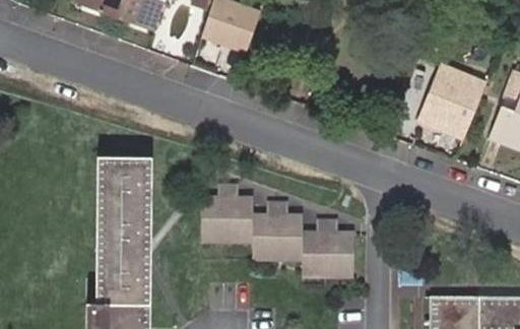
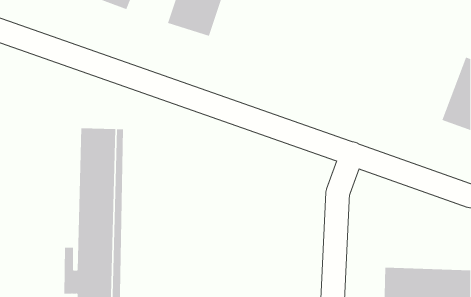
building: [412,65,482,142] -> none
building: [206,180,352,274] -> none

